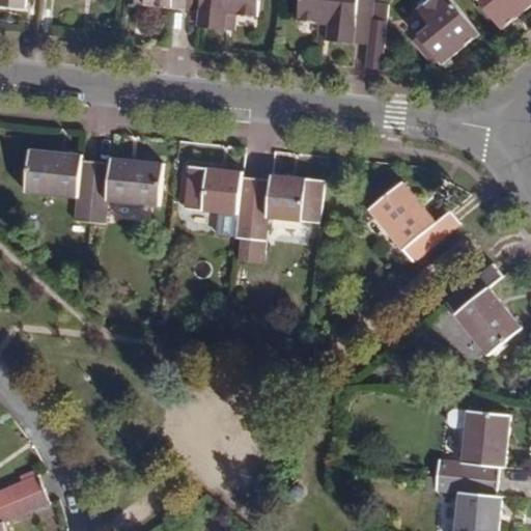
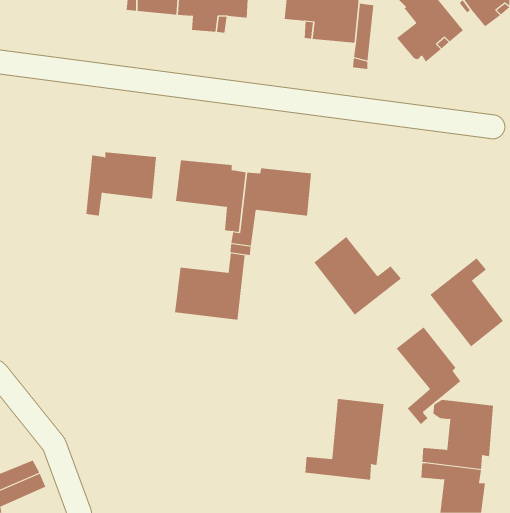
building: [23,147,94,221] -> none
building: [368,180,459,262] -> [313,236,402,316]
building: none -> [175,253,245,320]
building: none -> [396,326,461,425]
building: none -> [305,398,384,480]

